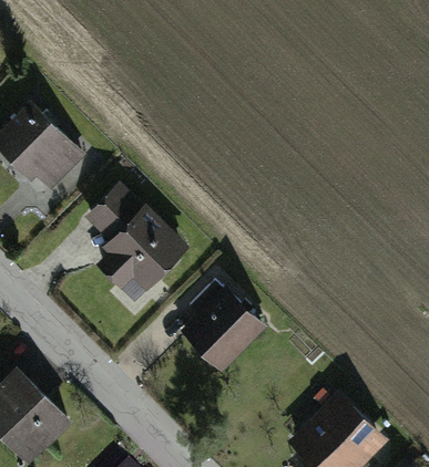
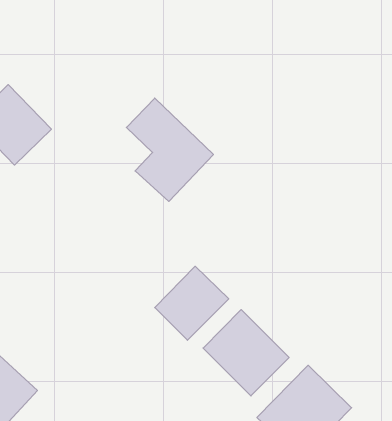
building: [91,190,180,295] -> [126,98,213,201]
building: none -> [203,310,289,396]

